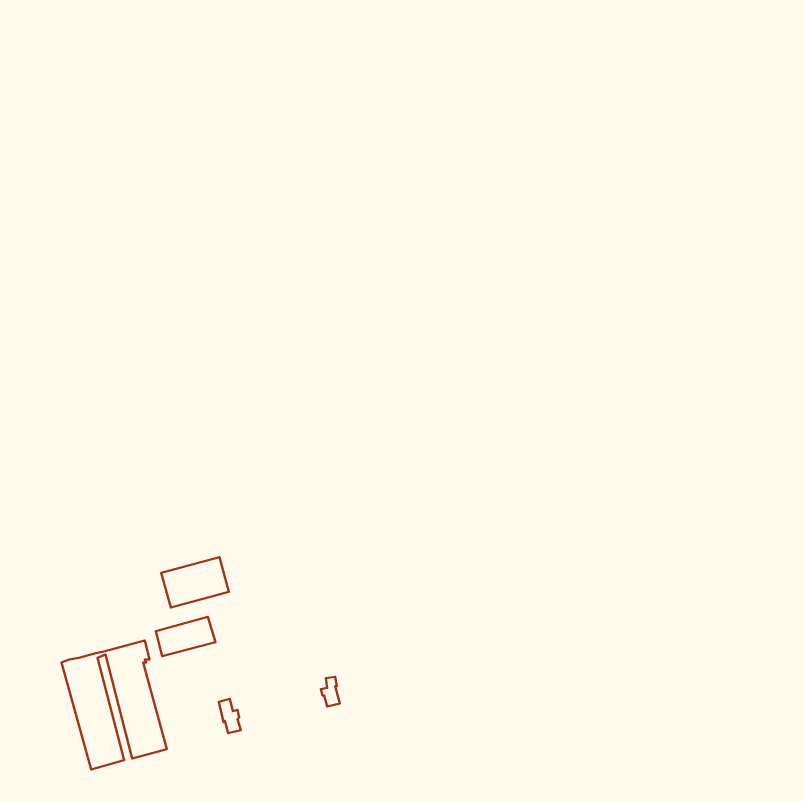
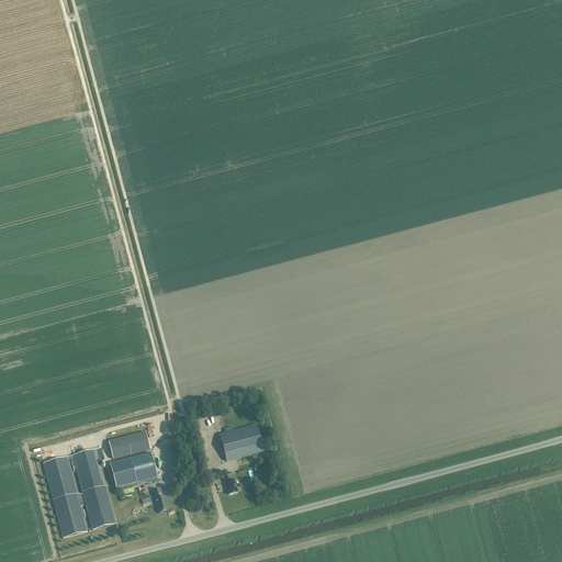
building: [161,557,229,607] -> [110,452,157,487]
building: none -> [220,424,262,460]

